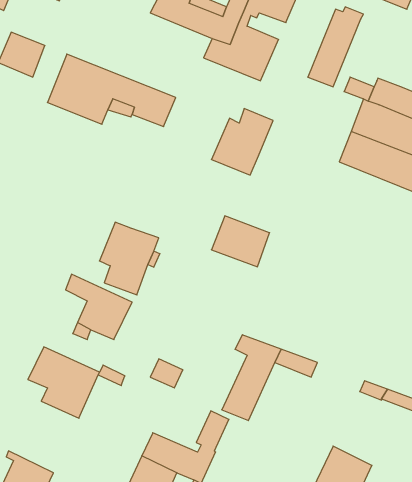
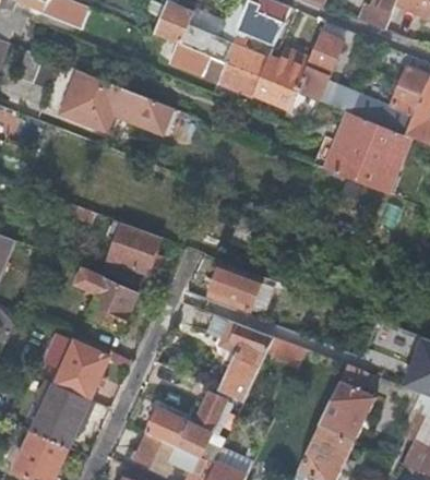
building: [211,109,273,175] -> [253,49,309,109]
building: [211,216,270,267] -> [211,261,263,307]
building: none -> [319,381,375,442]
building: none -> [26,382,89,448]

